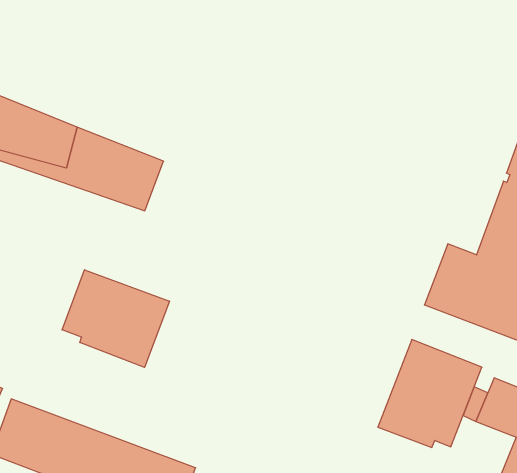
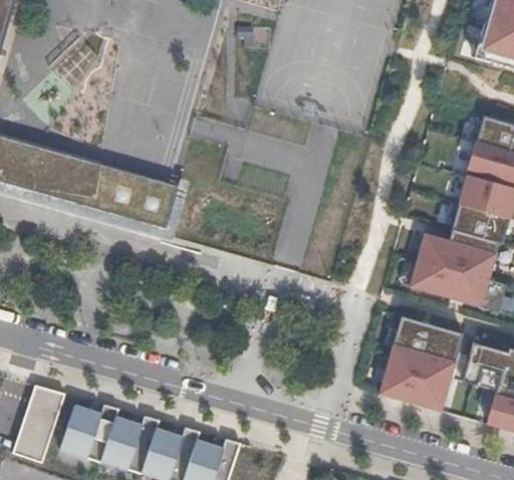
building: [62,270,169,367] -> none

